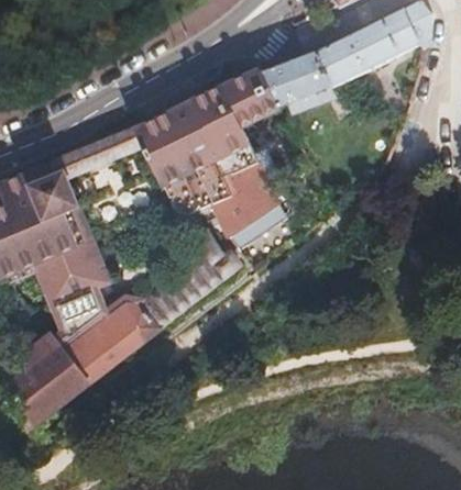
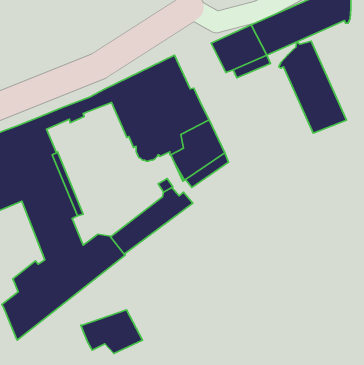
building: [218,68,279,127] -> none
building: none -> [279,41,347,133]
building: none -> [81,310,142,354]

